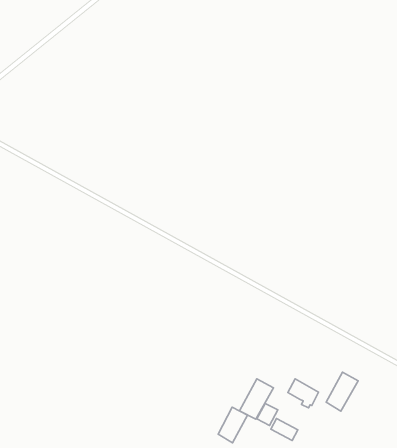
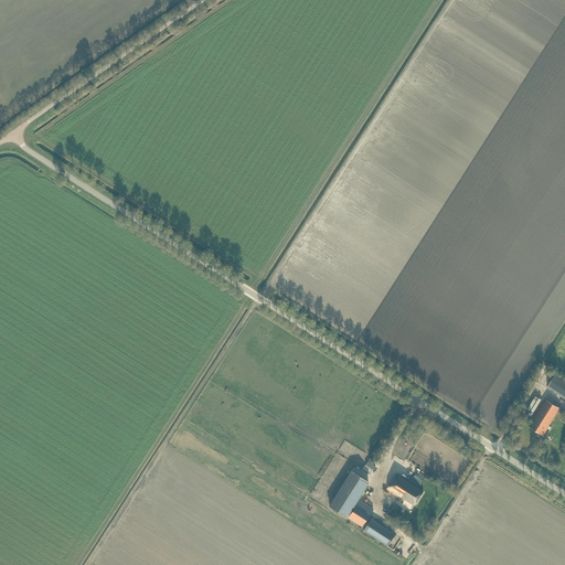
building: [326,372,358,411] -> none
building: [218,407,248,443] -> none

